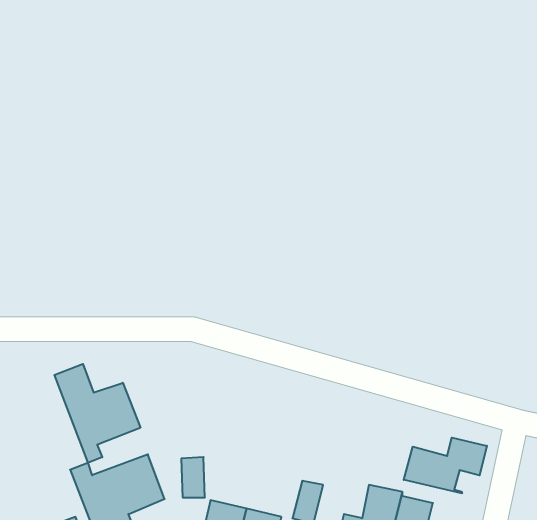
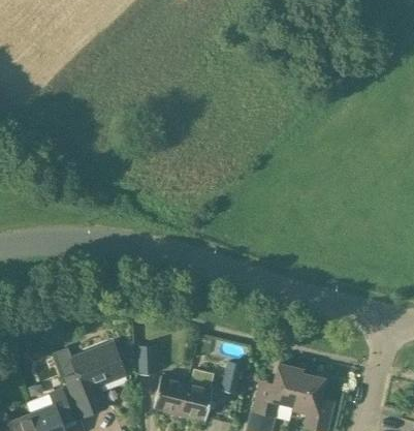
building: [54,364,140,463] -> none
building: [404,438,487,493] -> none

